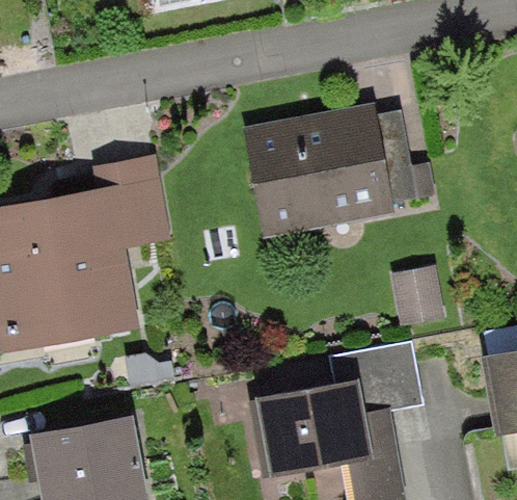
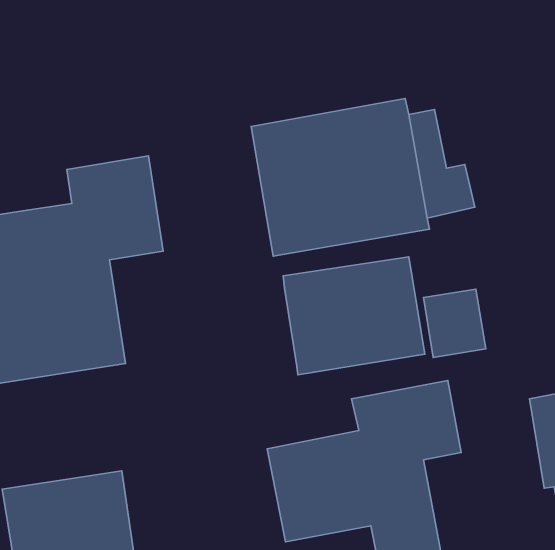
building: none -> [283,257,425,375]

